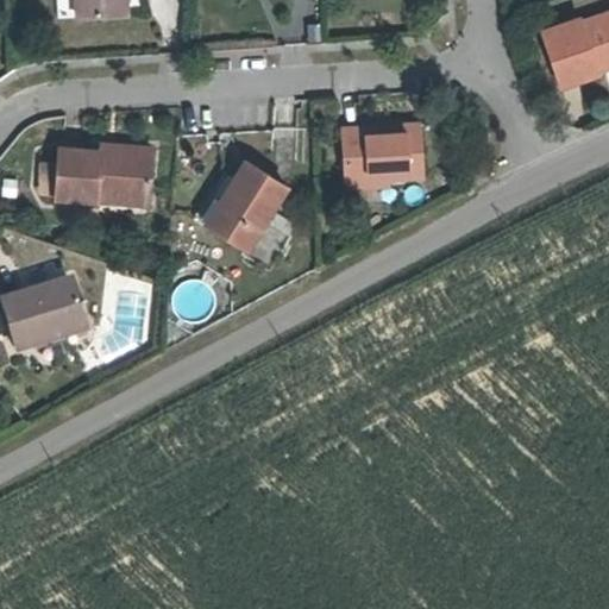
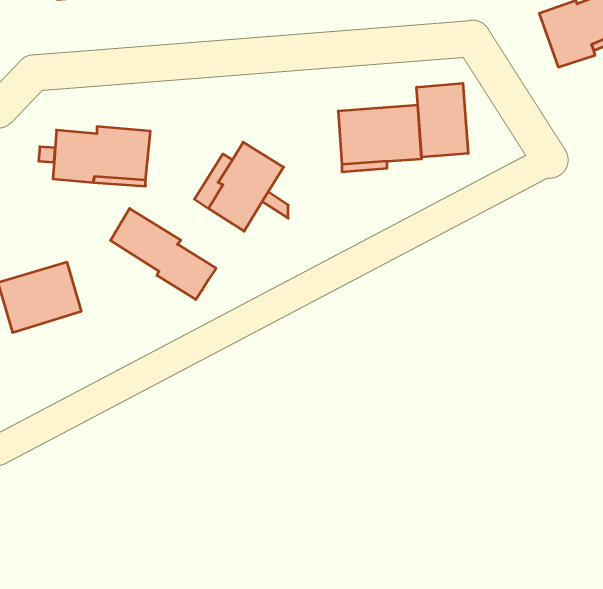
building: none -> [417,83,468,157]
building: none -> [110,208,216,300]

